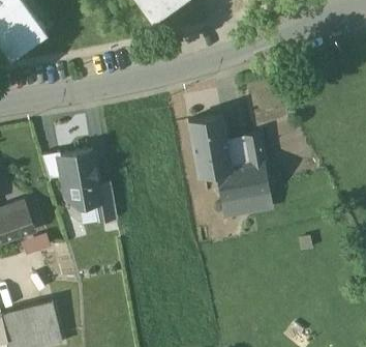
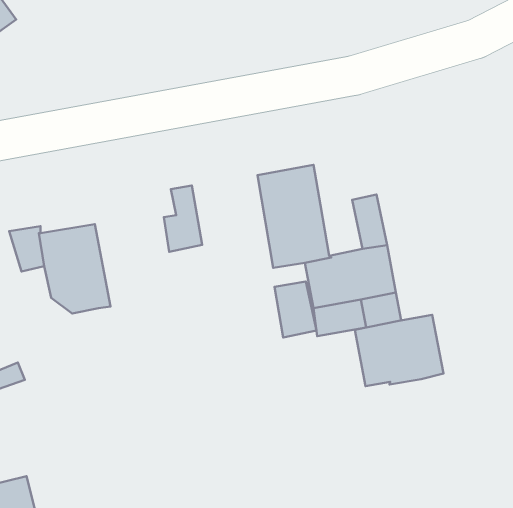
building: [225,139,250,172] -> [274,282,316,338]
building: [94,184,117,224] -> [164,186,202,252]
building: none -> [355,315,444,386]

